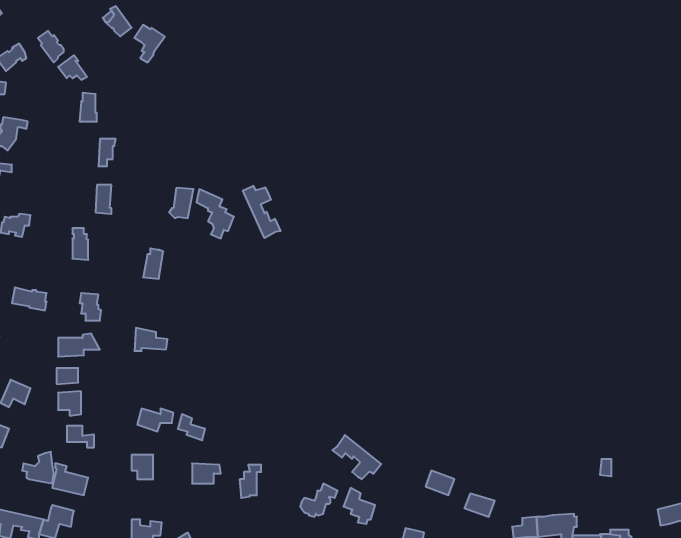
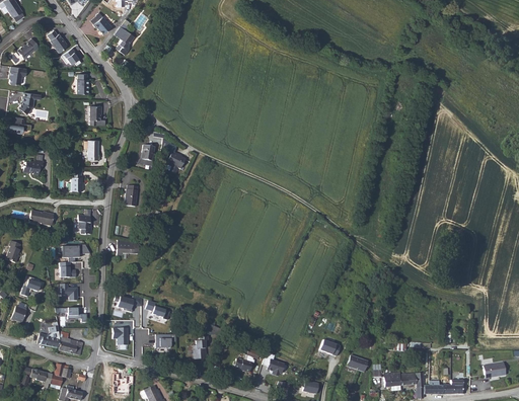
building: [243,186,281,238] -> none
building: [332,435,381,479] -> none

